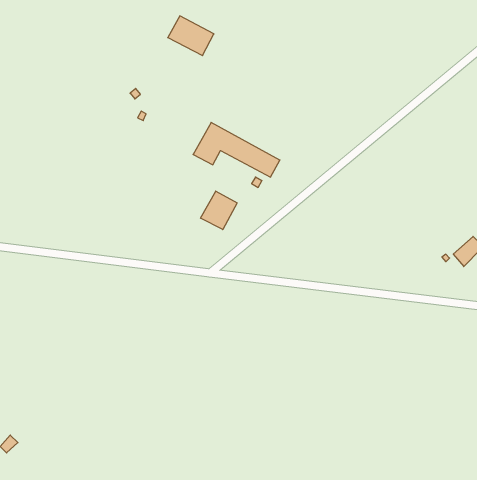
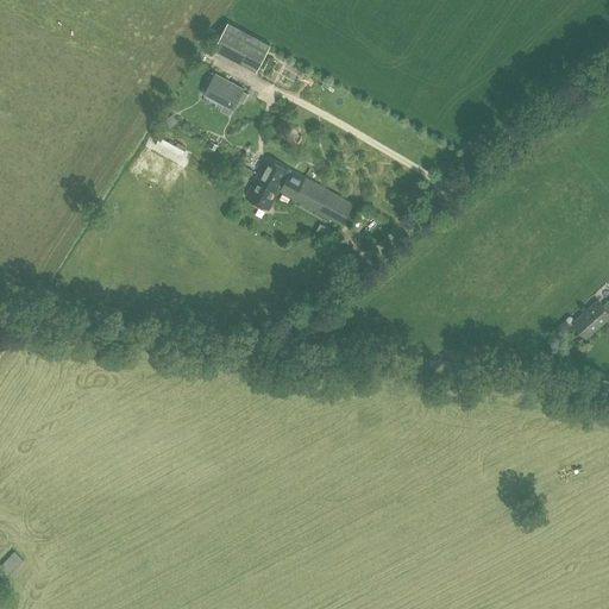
building: none -> [202,76,245,112]
building: [201,191,237,230] -> none

